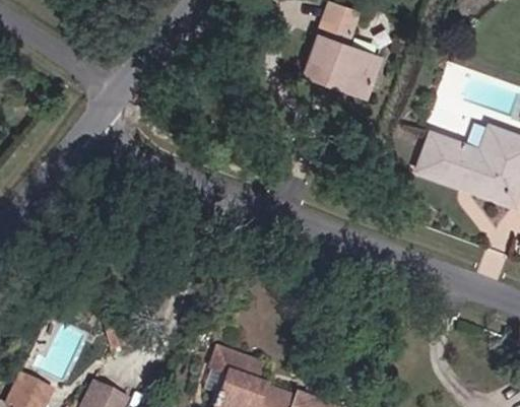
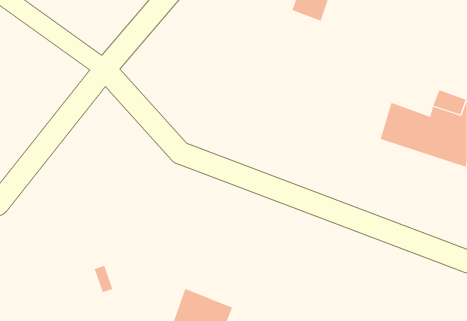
building: [307,33,387,87] -> none

